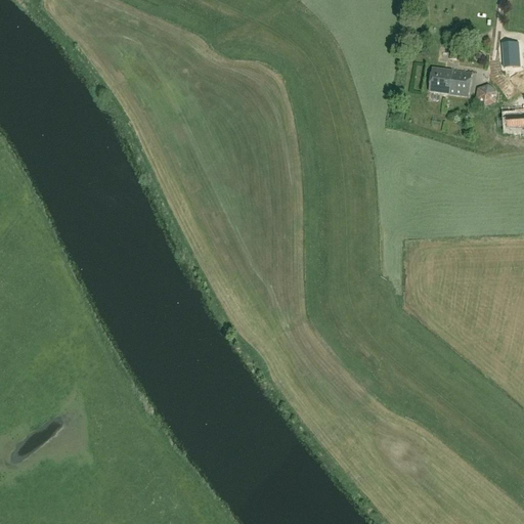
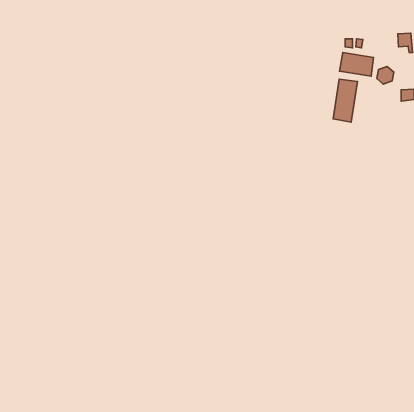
building: none -> [333,79,358,122]

